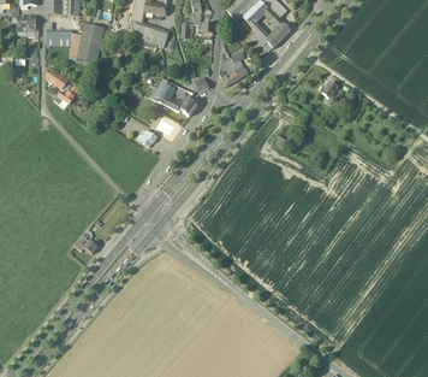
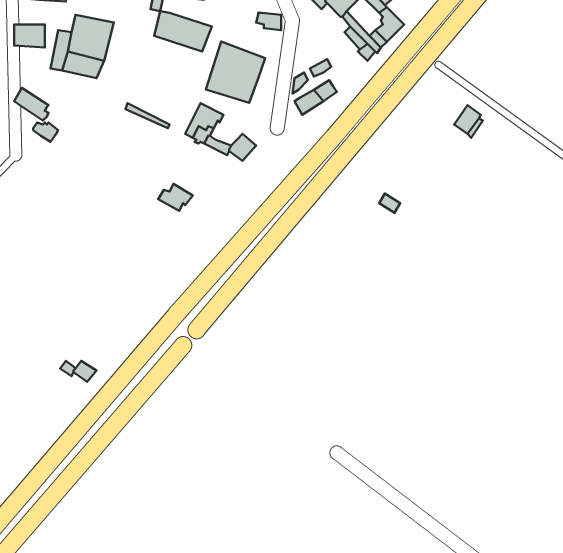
building: none -> [206,42,265,103]

